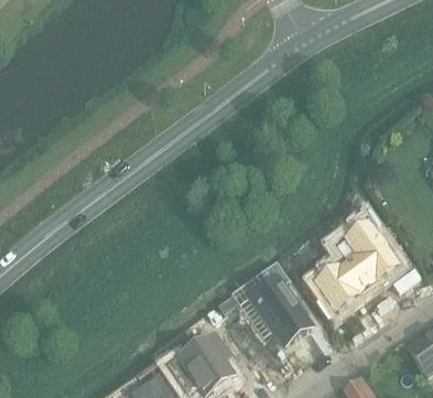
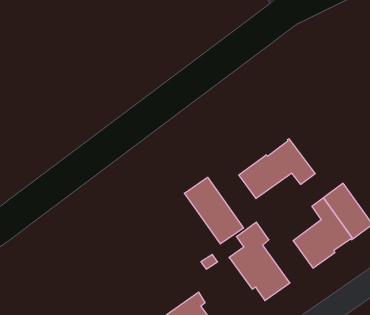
building: none -> [239,139,315,199]
building: none -> [184,177,243,244]

